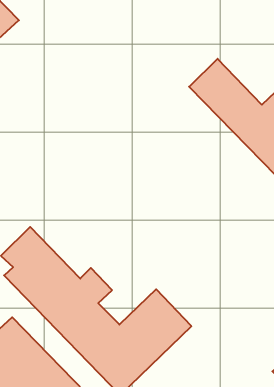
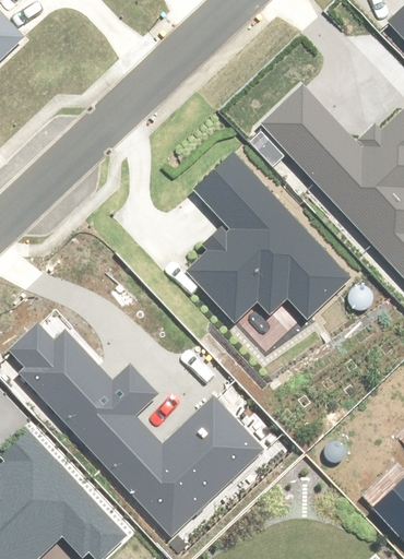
building: none -> [189,154,354,324]

